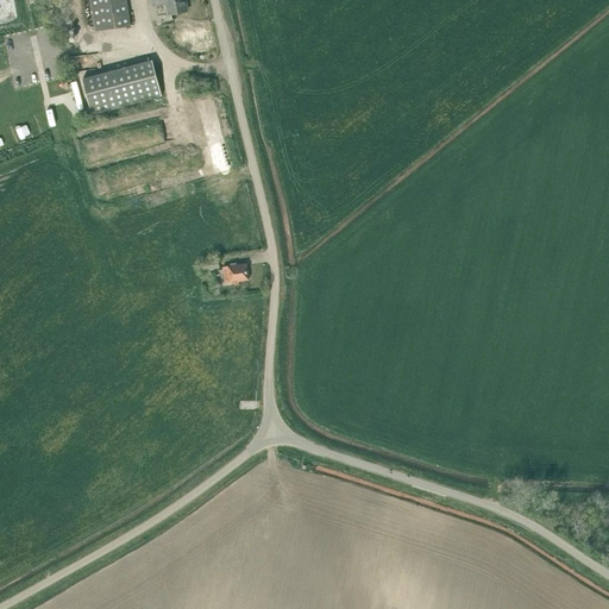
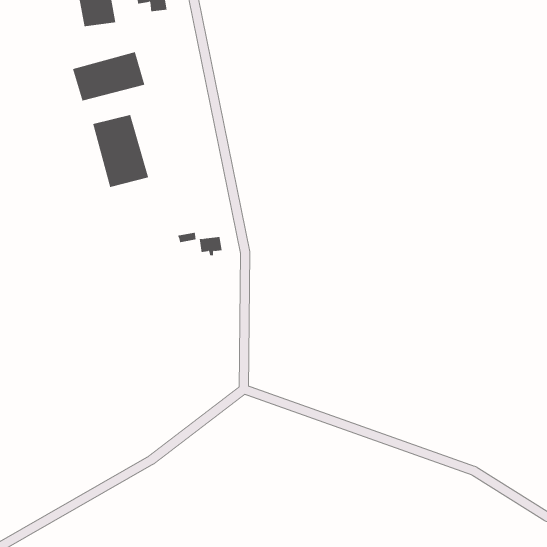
building: none -> [92,114,149,188]

